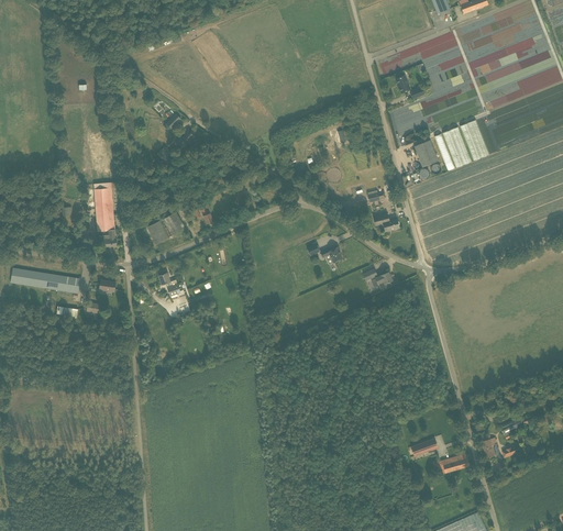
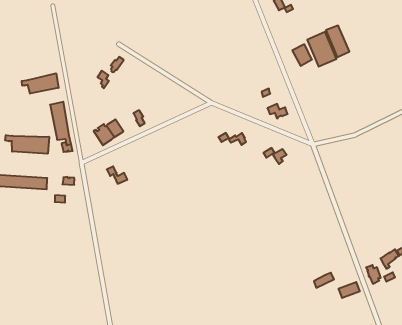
building: none -> [22,73,59,94]
building: none -> [5,135,49,154]

